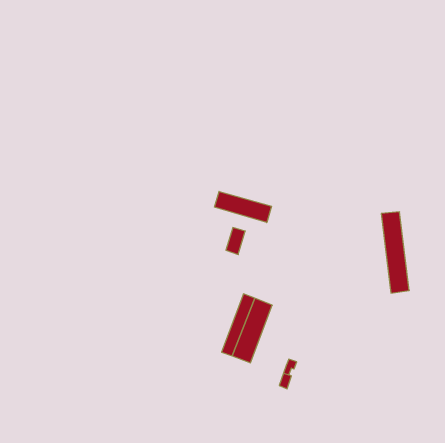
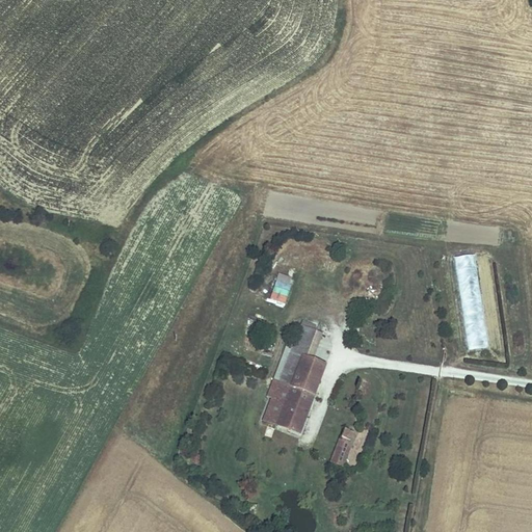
building: [215,191,272,223] -> none
building: none -> [291,324,316,355]

